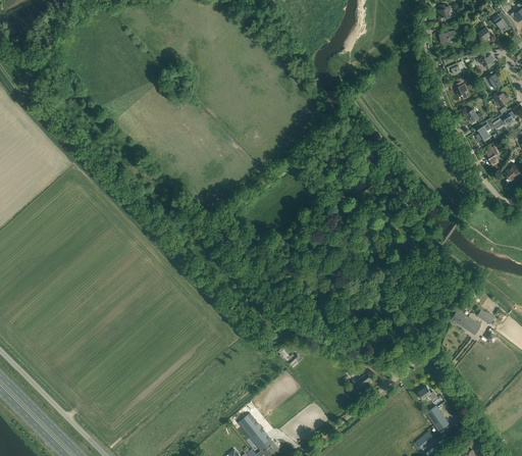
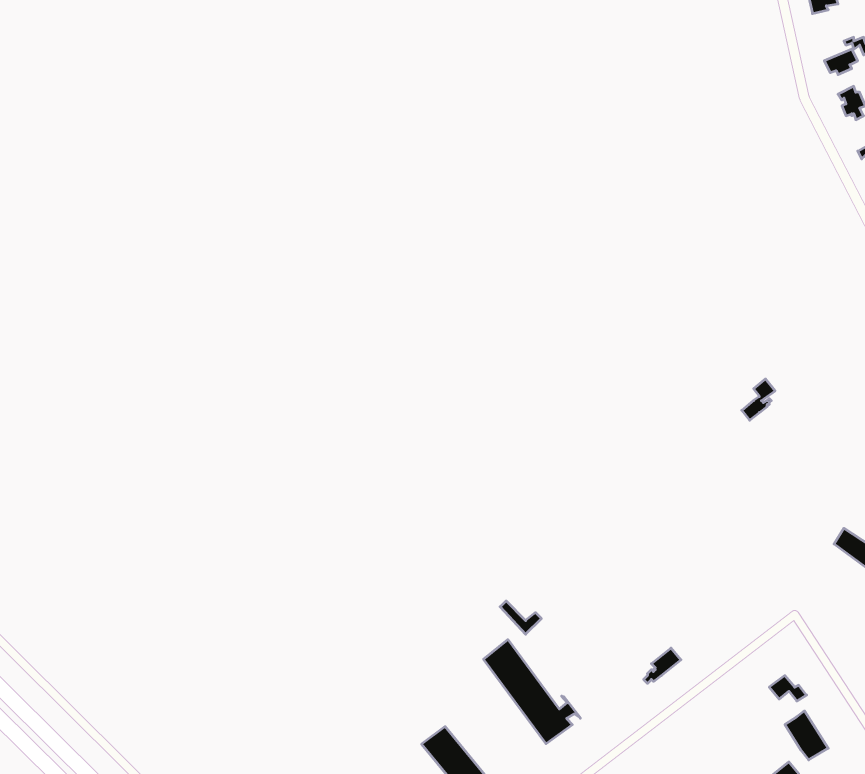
building: none -> [484,640,580,744]

